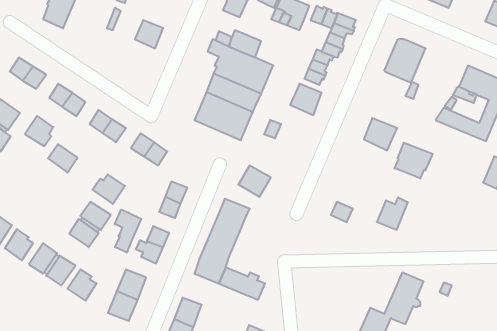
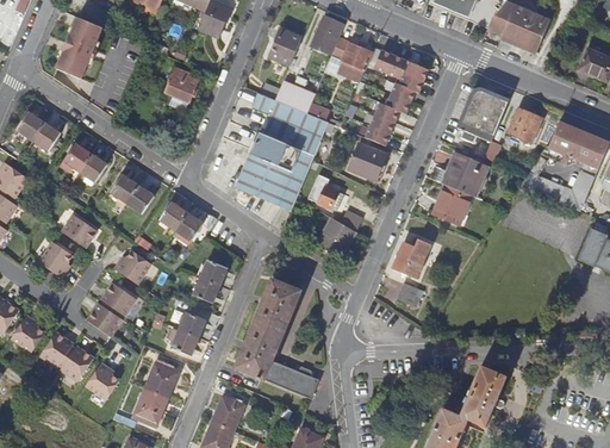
building: none -> [506,107,541,142]
building: [25,116,53,146] -> [38,241,71,276]
building: [394,143,433,178] -> [443,154,488,195]
building: [238,165,271,197] -> [317,217,355,254]
building: [377,197,408,230] -> [392,238,429,276]
building: [115,210,141,253] -> none

